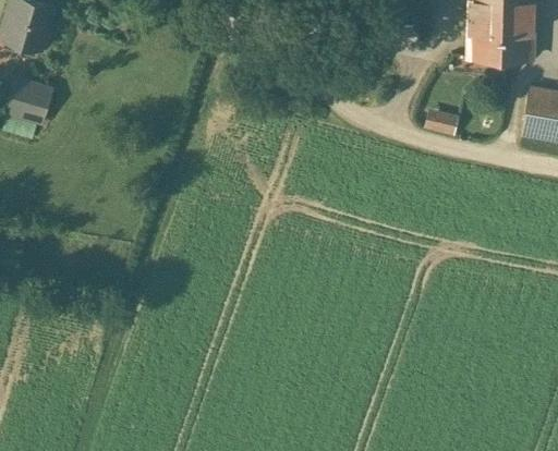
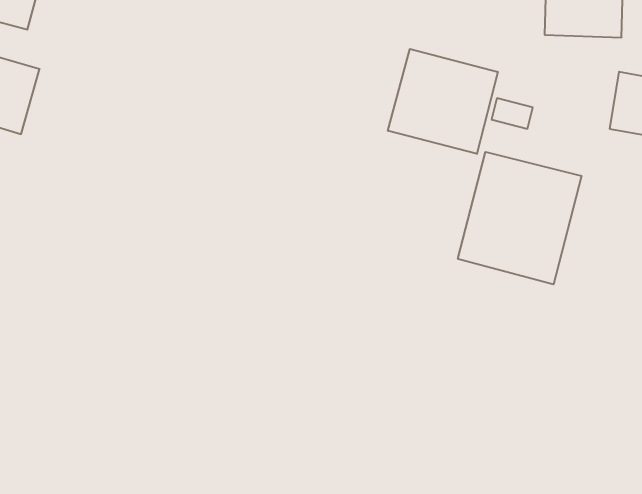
building: none -> [388,49,498,154]
building: none -> [458,152,582,284]

